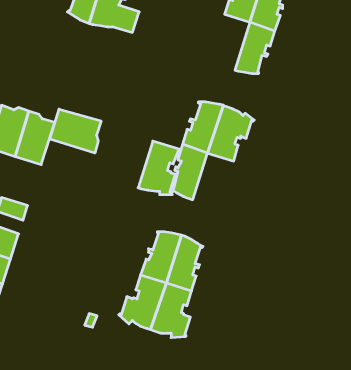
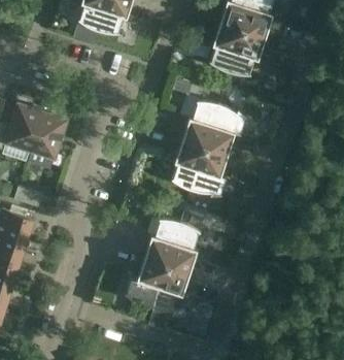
building: none -> [188,22,242,72]
building: [50,109,101,153] -> none
building: [138,141,179,195] -> [191,148,228,196]

